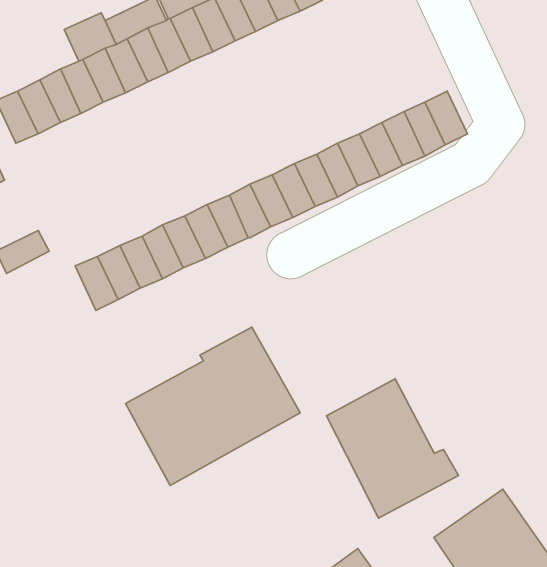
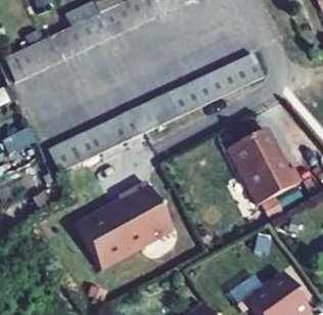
building: [326,379,458,518] -> [228,128,301,205]

